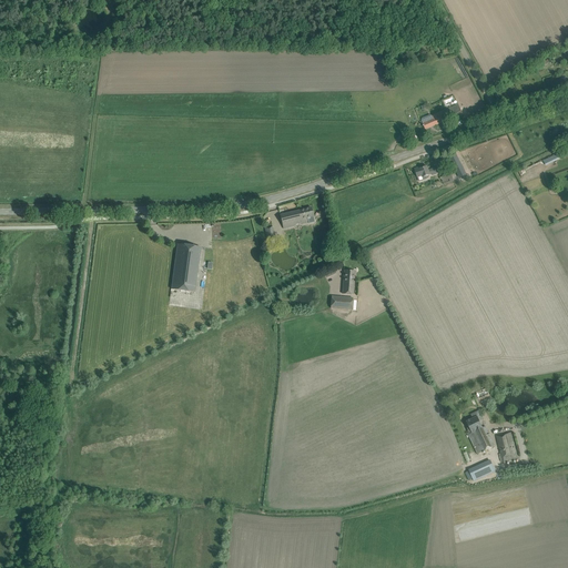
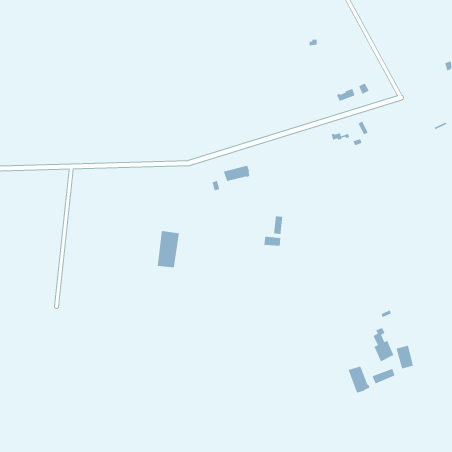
building: [172,243,201,291] -> [157,230,180,268]
building: none -> [347,366,370,394]

